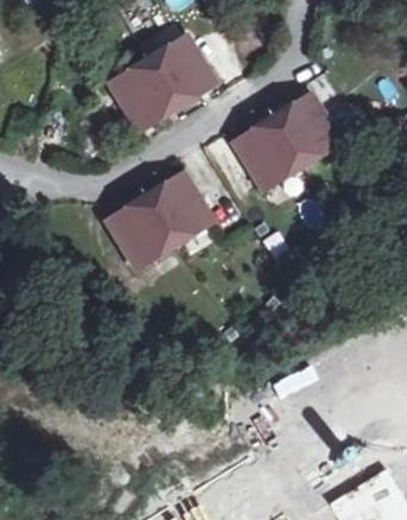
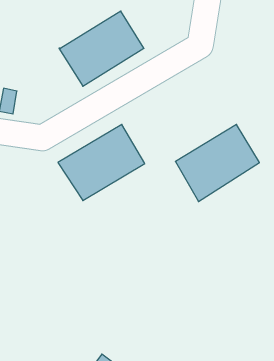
building: [234,95,338,191] -> [175,124,259,202]

